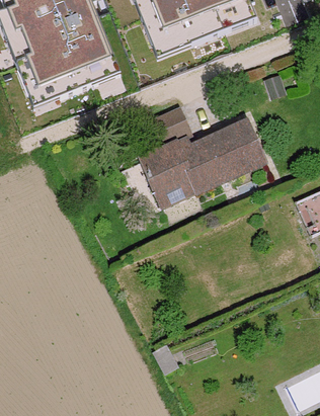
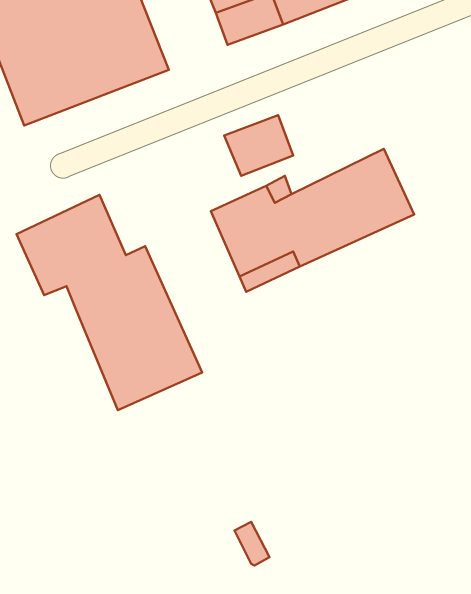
building: none -> [16,195,202,410]

